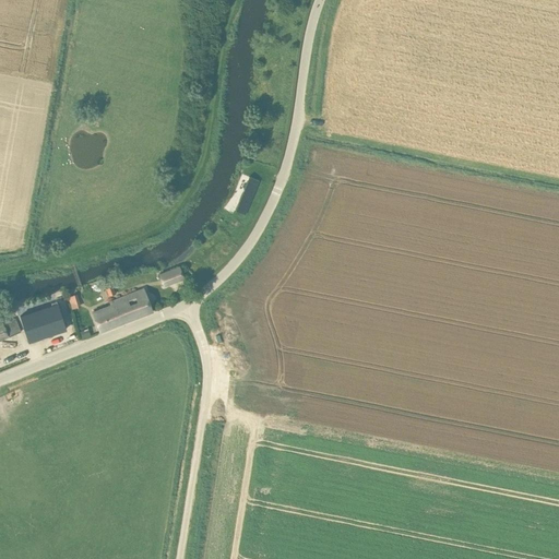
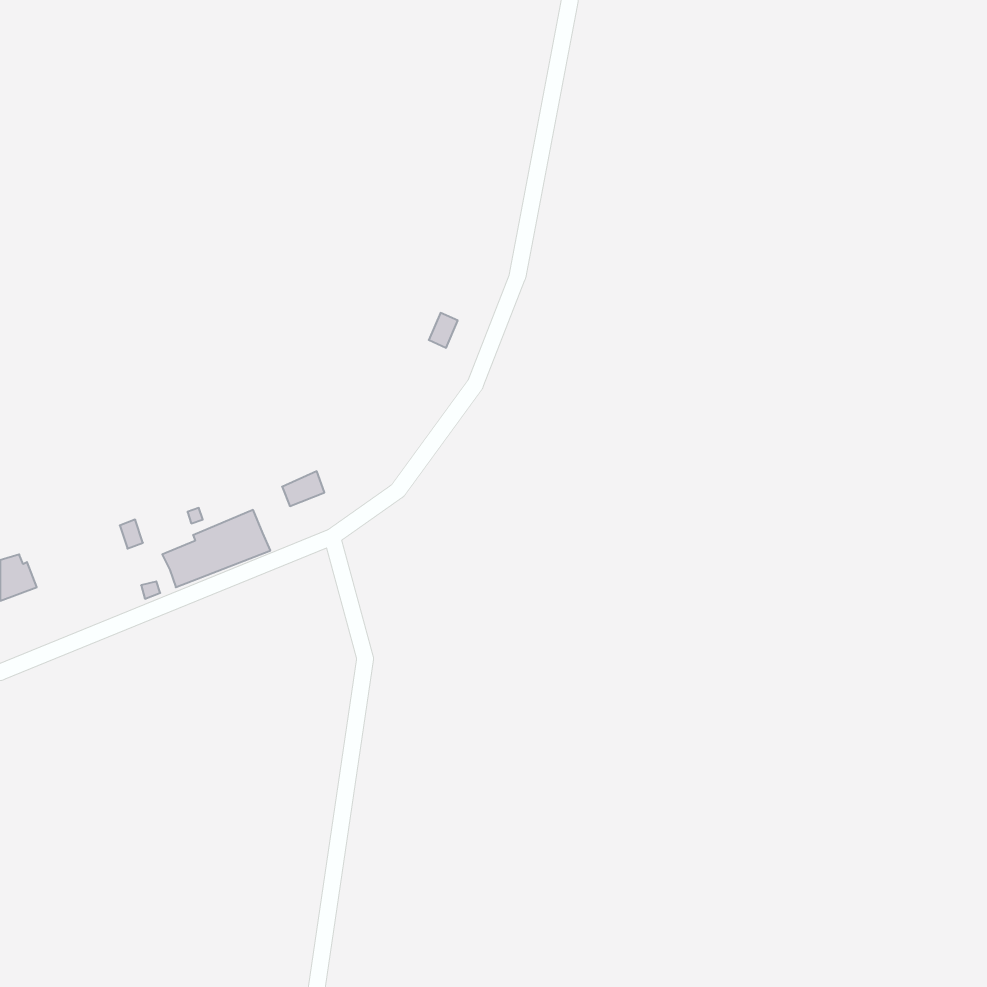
building: [20,304,66,342] -> none

